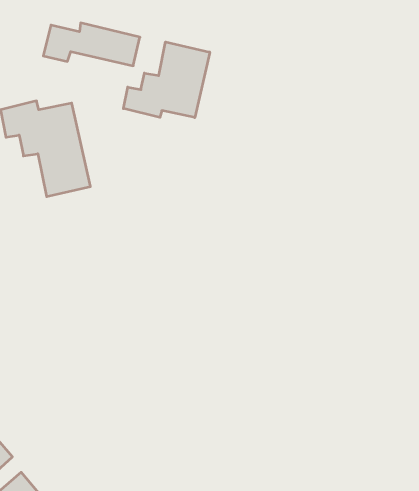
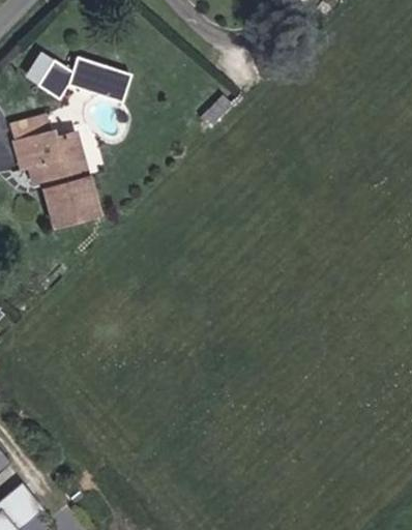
building: [123,42,210,118] -> none

